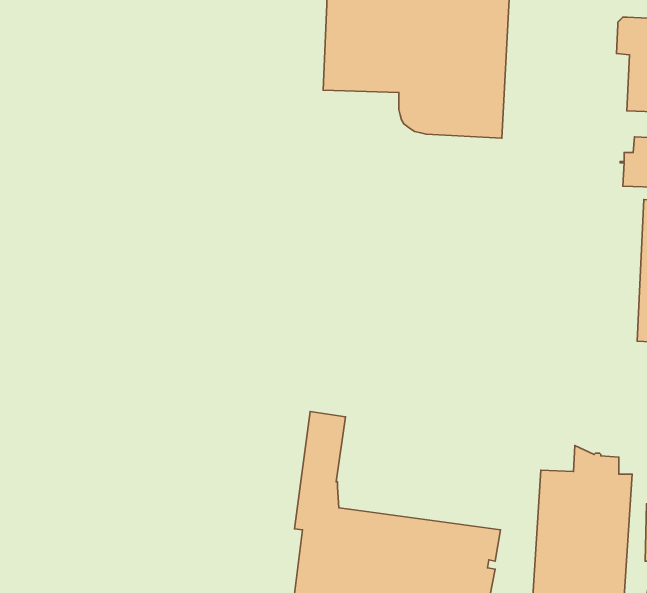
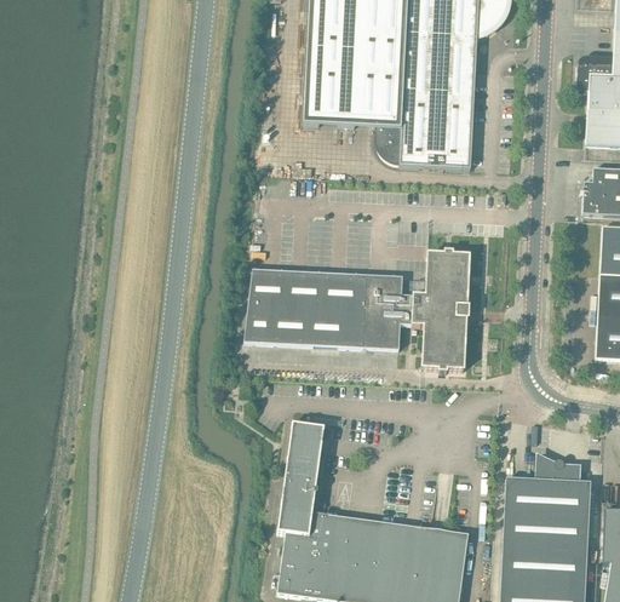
building: none -> [245,251,470,371]

